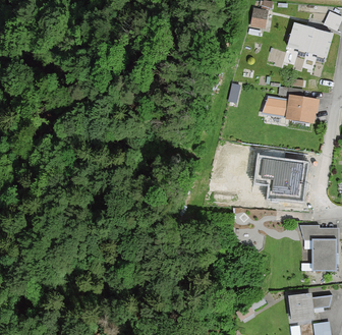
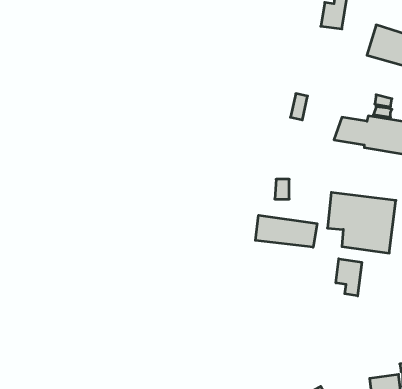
building: none -> [255,215,317,247]
building: none -> [336,259,362,296]

